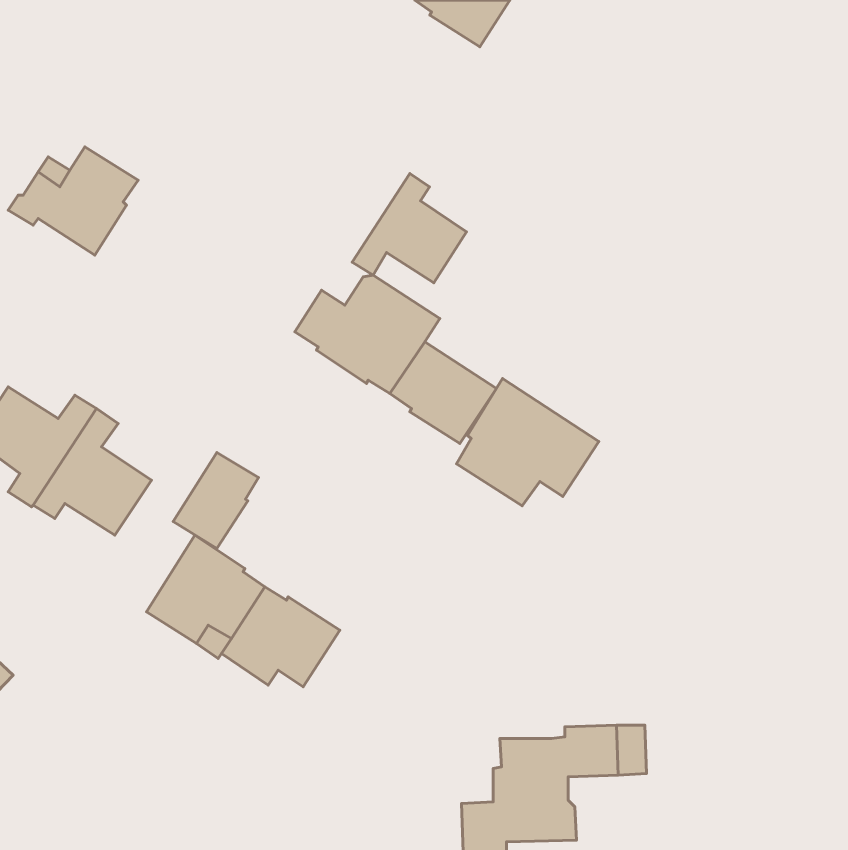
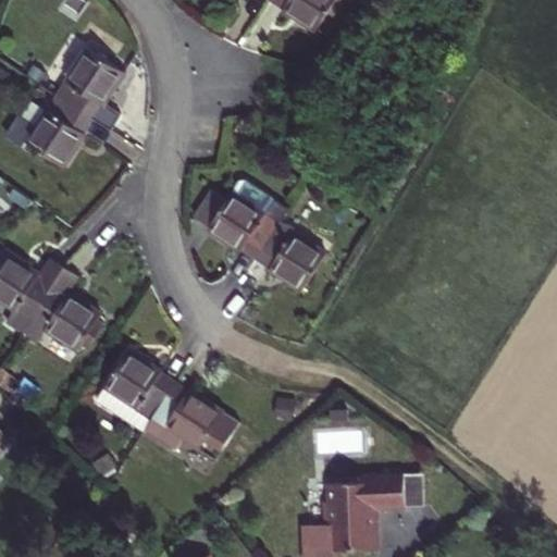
building: none -> [55,49,123,119]
building: [352,173,466,283] -> none
building: [456,378,599,506] -> none
building: [173,452,258,549] -> none

